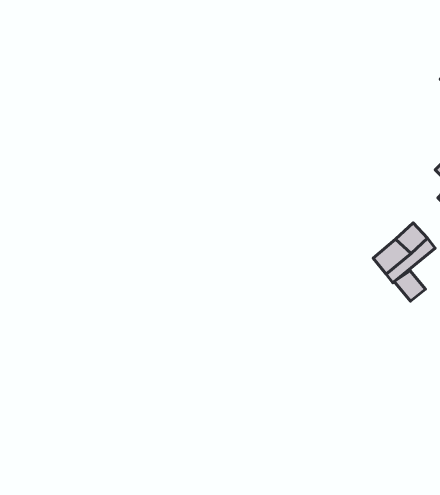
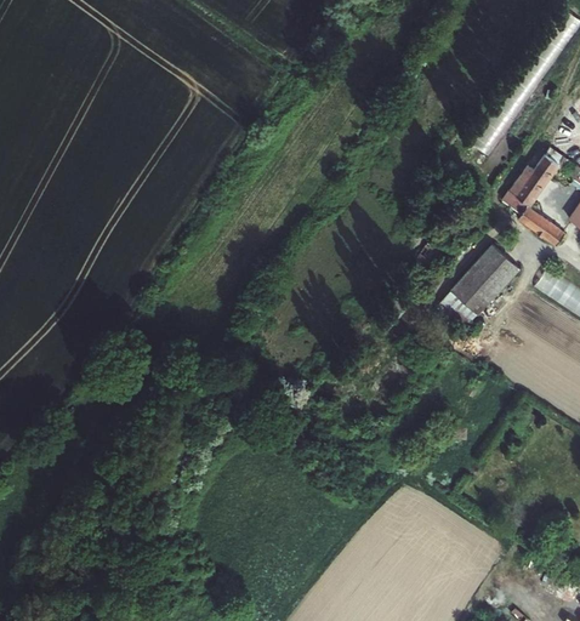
building: [394,271,425,301] -> none

